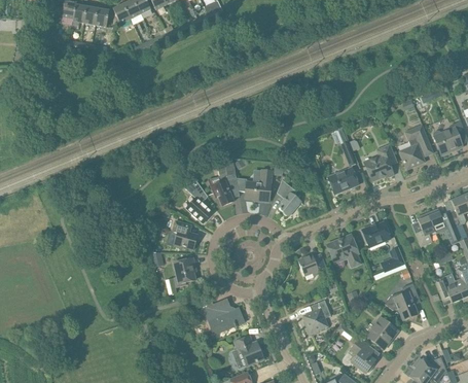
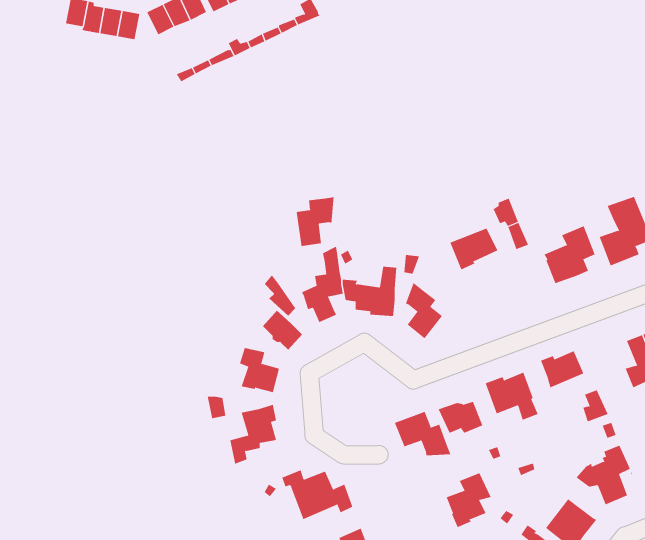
building: none -> [291,197,334,247]
building: [327,167,358,194] -> [449,228,498,270]
building: none -> [394,405,451,456]

